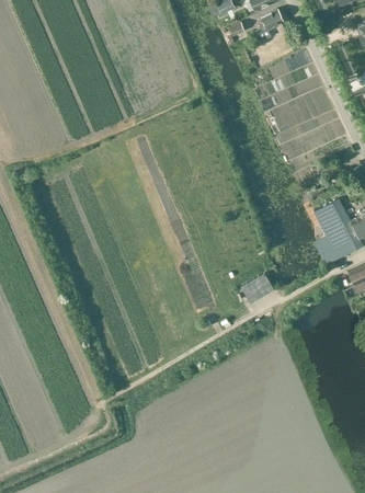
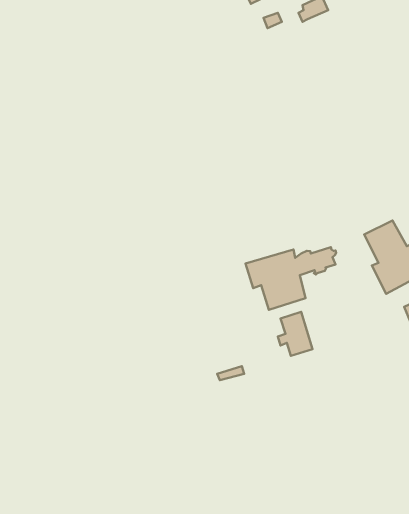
building: none -> [246,247,336,310]

